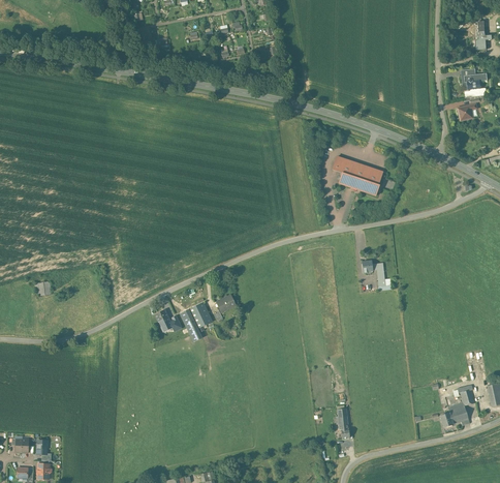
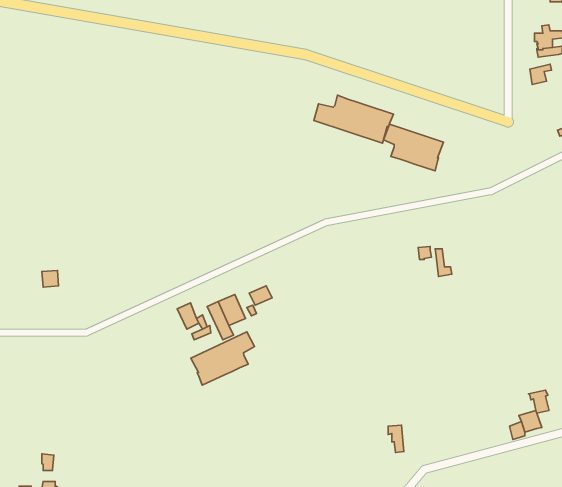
building: none -> [314,95,394,143]
building: none -> [191,332,255,385]

